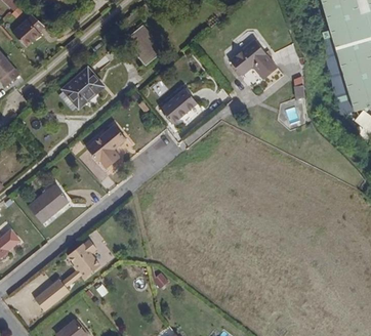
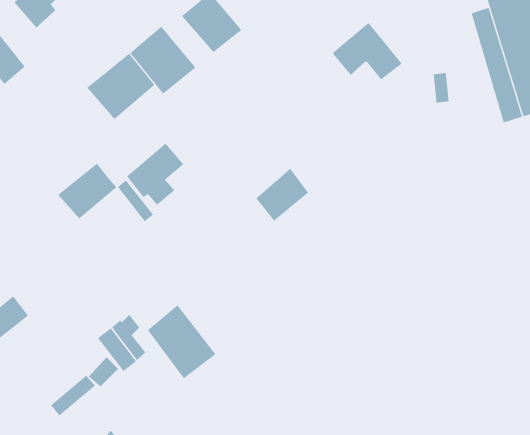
building: none -> [129,26,196,95]
building: [161,87,197,123] -> [255,168,309,221]
building: [28,183,68,221] -> [58,163,117,219]
building: none -> [147,305,216,379]

